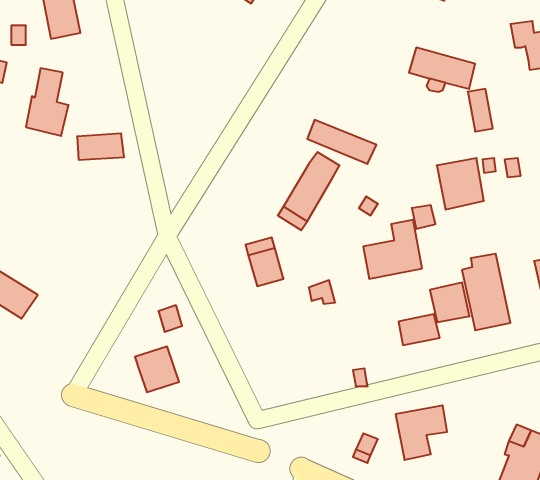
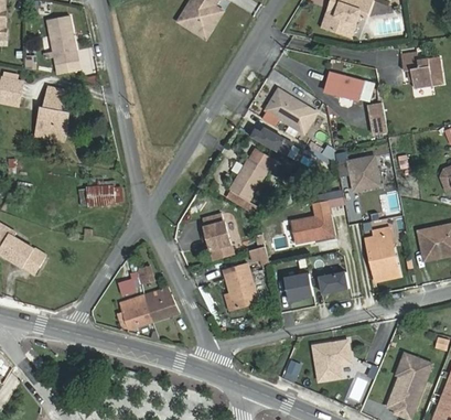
building: none -> [265,88,321,136]
building: [77,133,124,160] -> [78,185,114,205]
building: [430,282,470,322] -> [281,271,311,301]
building: none -> [223,261,258,309]
building: none -> [142,287,179,321]

